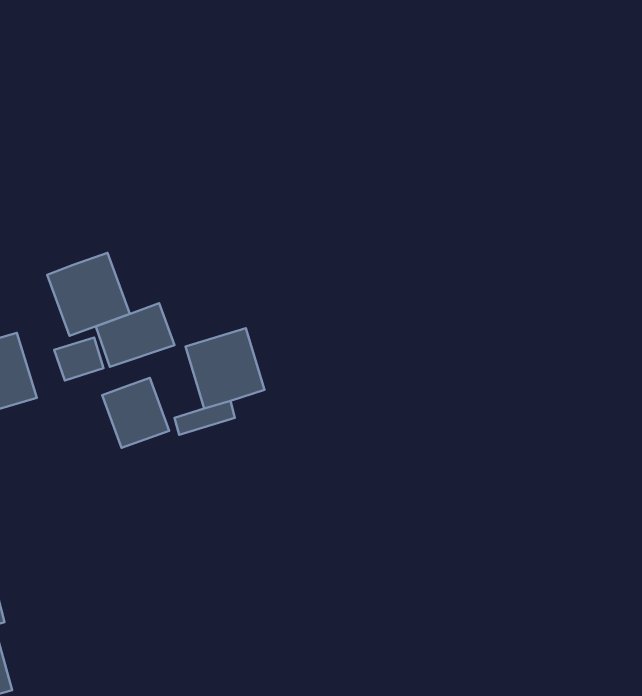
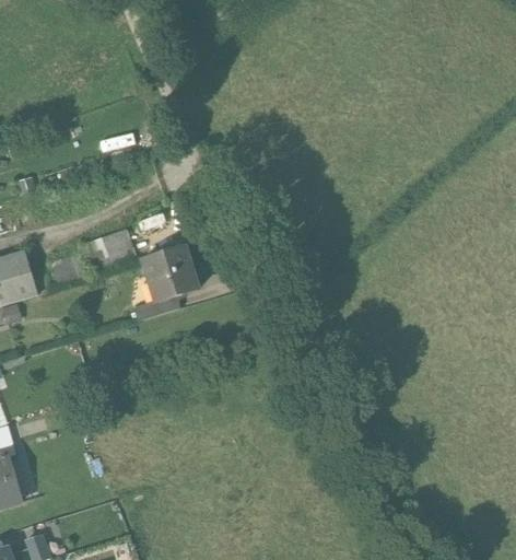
building: [47,253,130,336] -> none
building: [102,378,169,448] -> none

